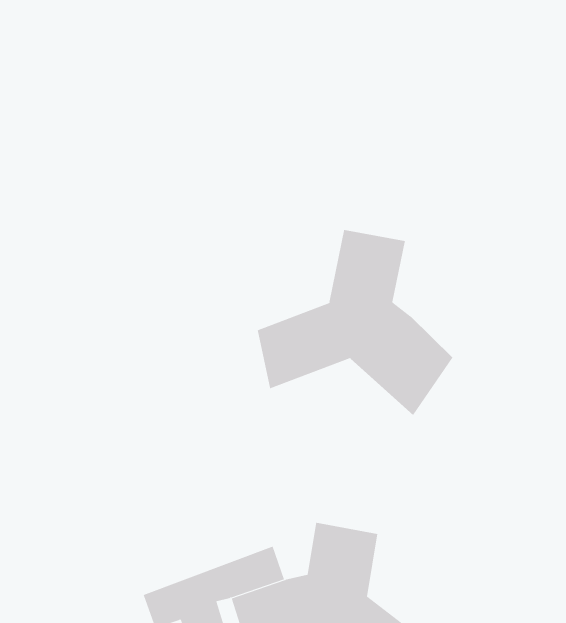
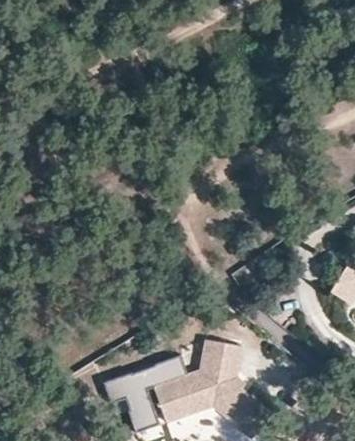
building: [257,229,453,416] -> none

